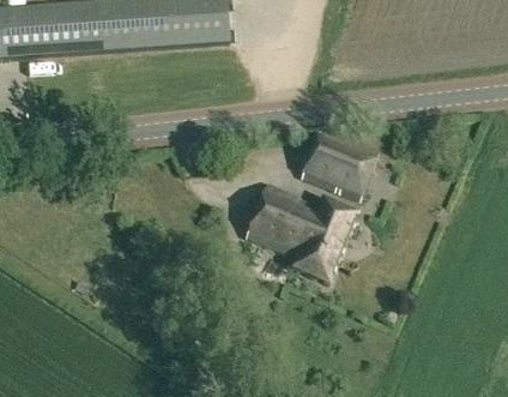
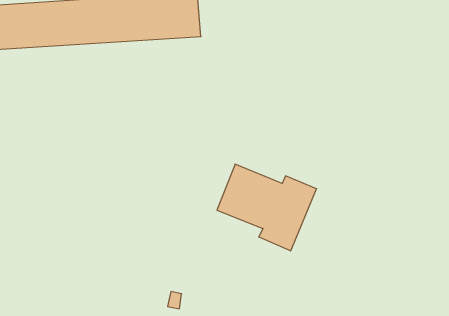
building: [300,130,375,199] -> none

